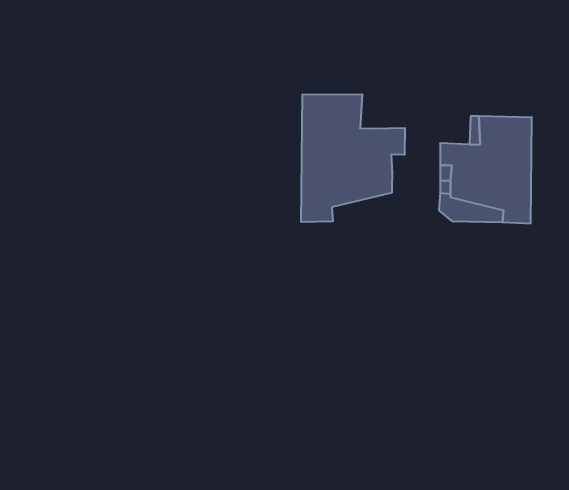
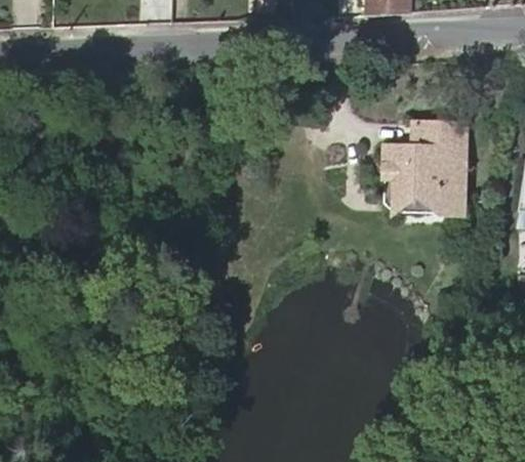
building: [301,94,405,222] -> none

